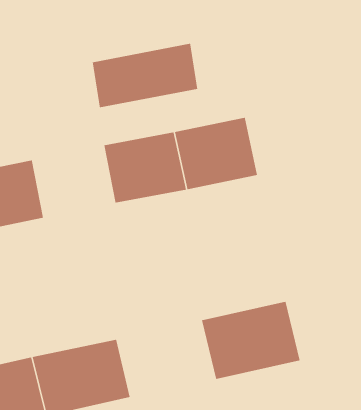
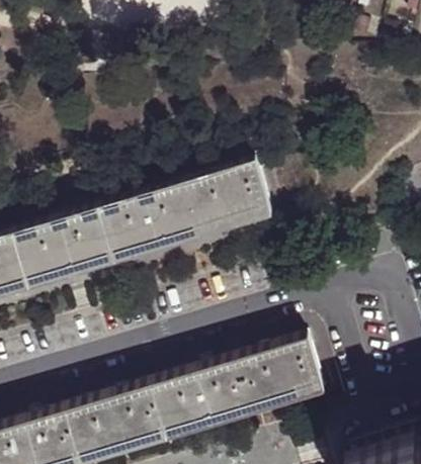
building: [92,43,198,108] -> none
building: none -> [55,200,137,274]
building: none -> [149,360,246,439]

